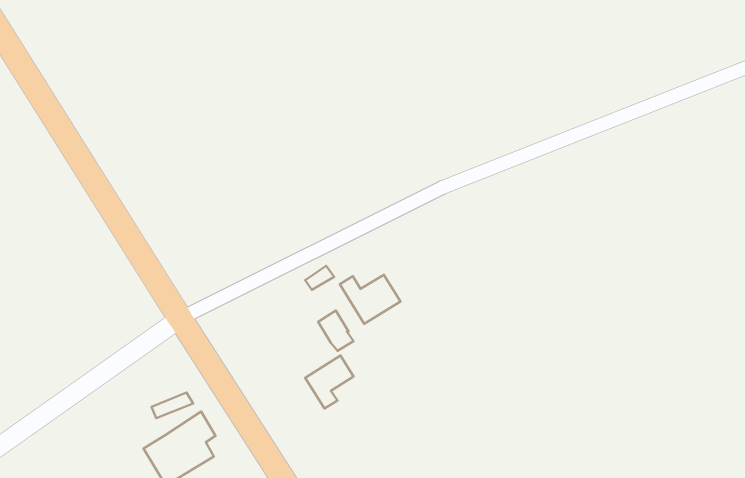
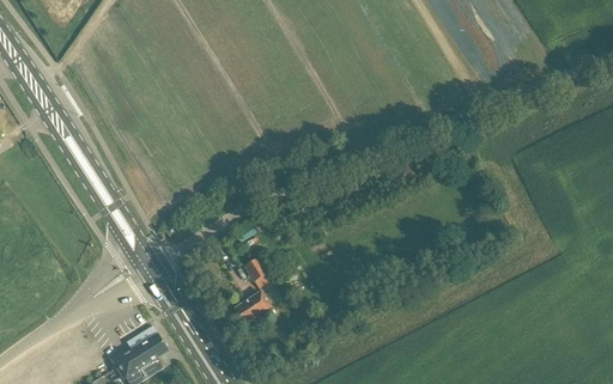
building: [340,275,401,324] -> none

